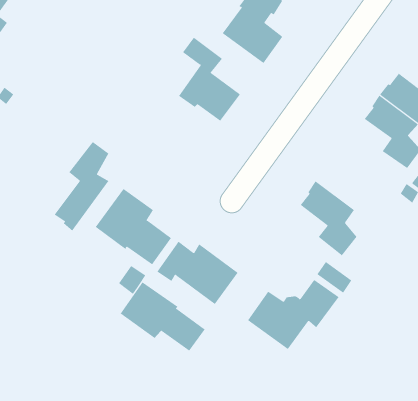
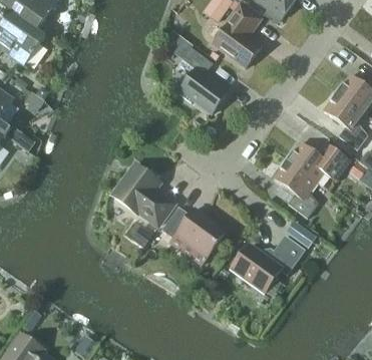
building: [54,141,109,232] -> none
building: none -> [286,141,348,182]
building: [120,282,205,351] -> none

